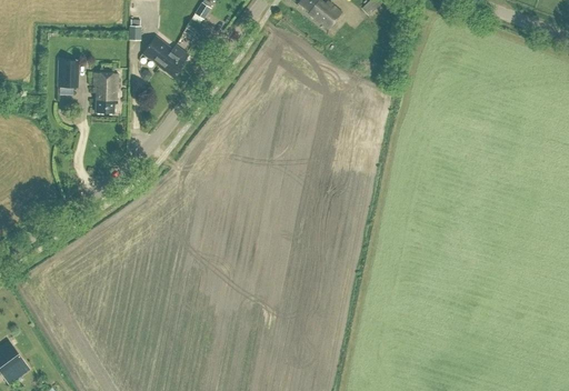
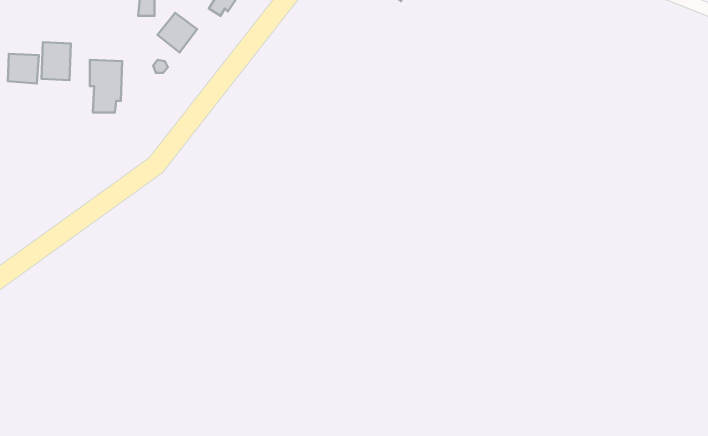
building: [160,44,189,76] -> none
building: none -> [8,54,39,83]

